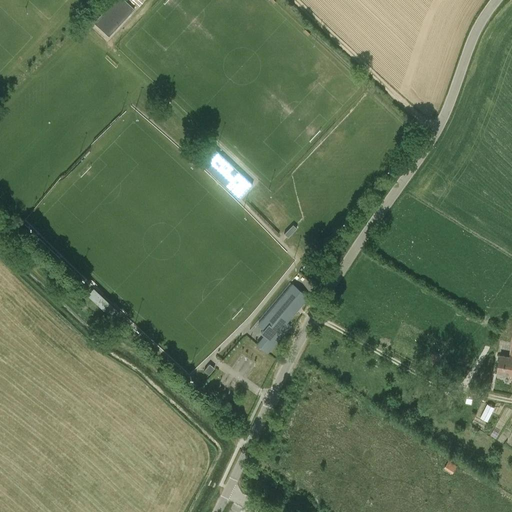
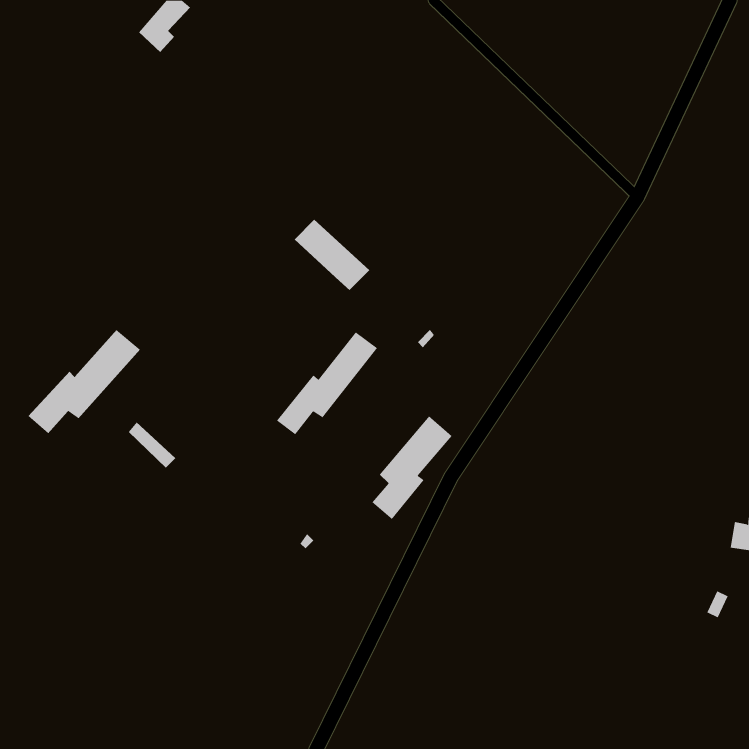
building: none -> [27,329,141,434]
building: none -> [276,331,378,435]

